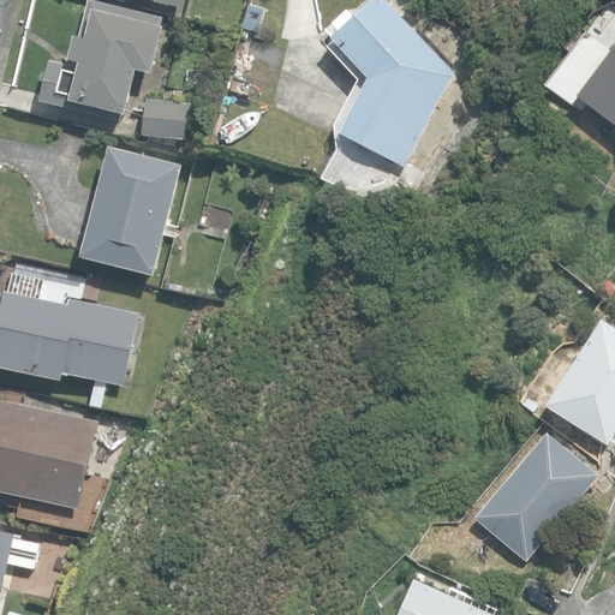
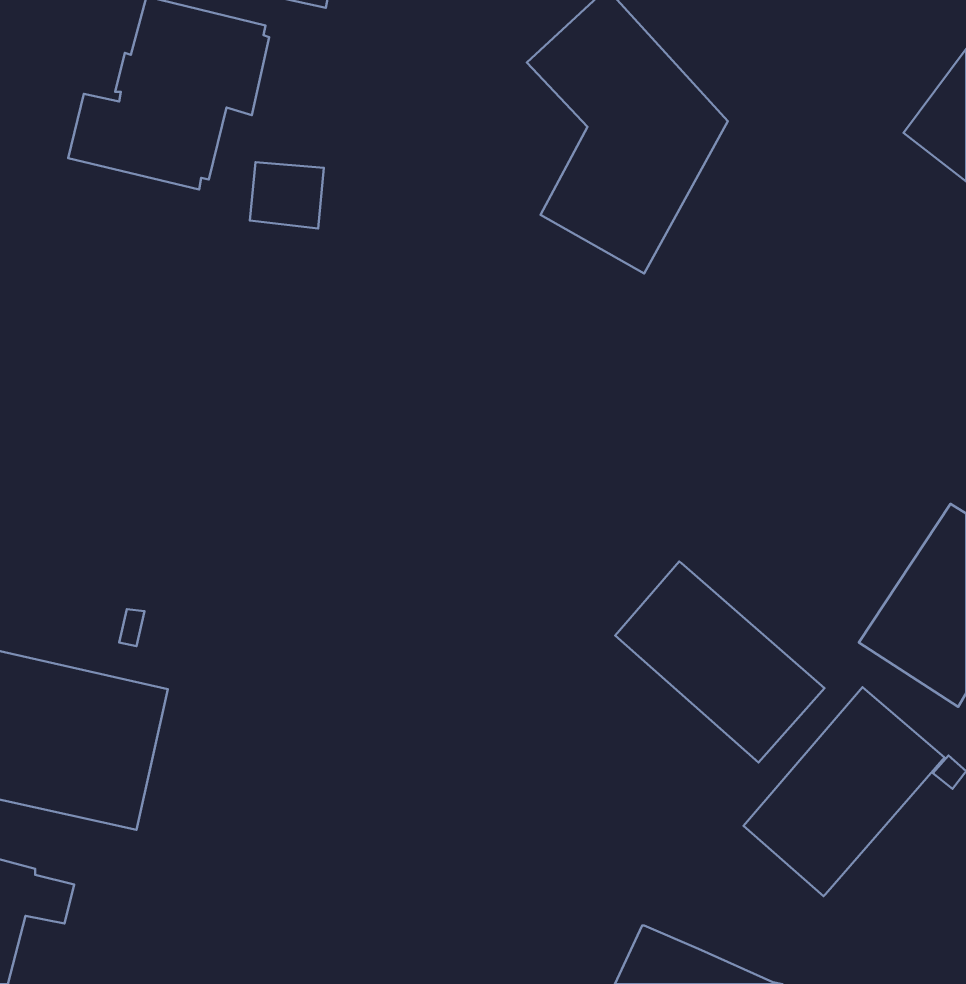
building: [89,155,191,283] -> none
building: [8,273,157,384] -> none
building: none -> [615,561,825,762]

